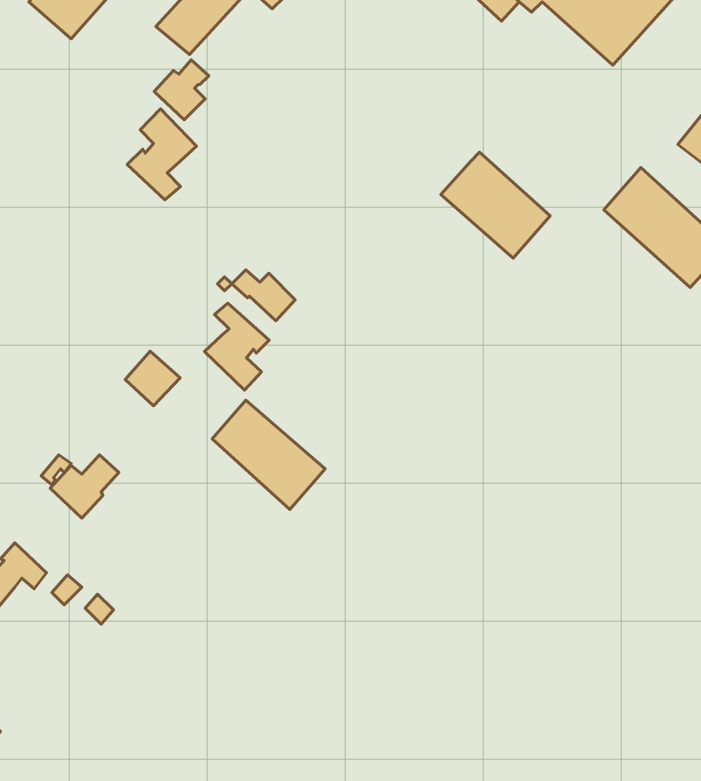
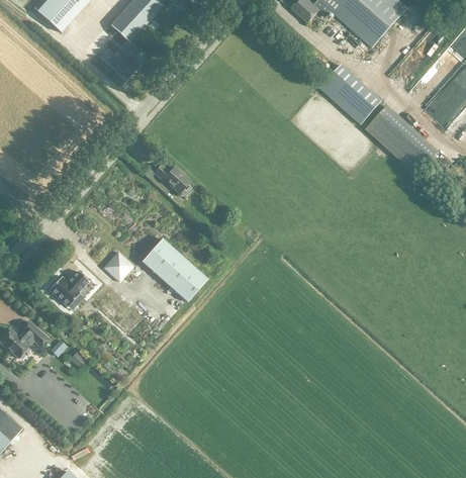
building: [127,109,197,200] -> none
building: [441,152,550,258] -> [318,64,381,124]
building: [205,303,269,390] -> none
building: [125,351,180,406] -> [102,251,133,282]

